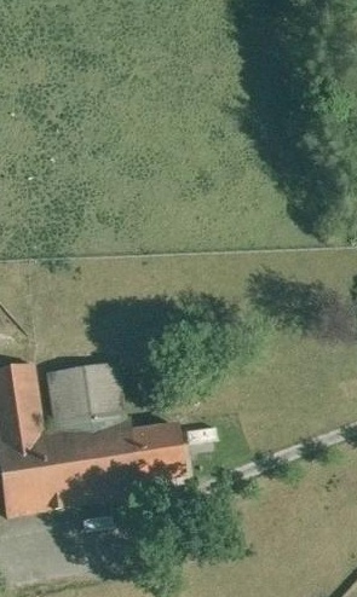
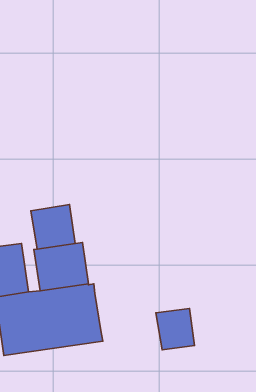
building: none -> [31,204,75,249]
building: [132,422,185,479] -> [156,309,195,350]

